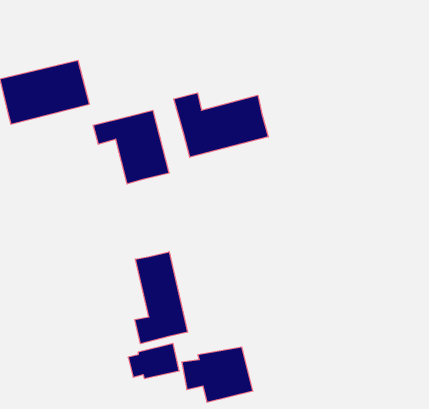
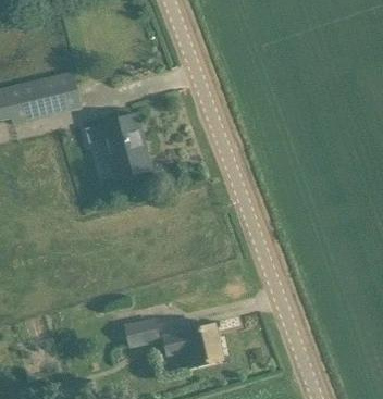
building: [174,93,268,157] -> none
building: [135,252,187,344] -> none

